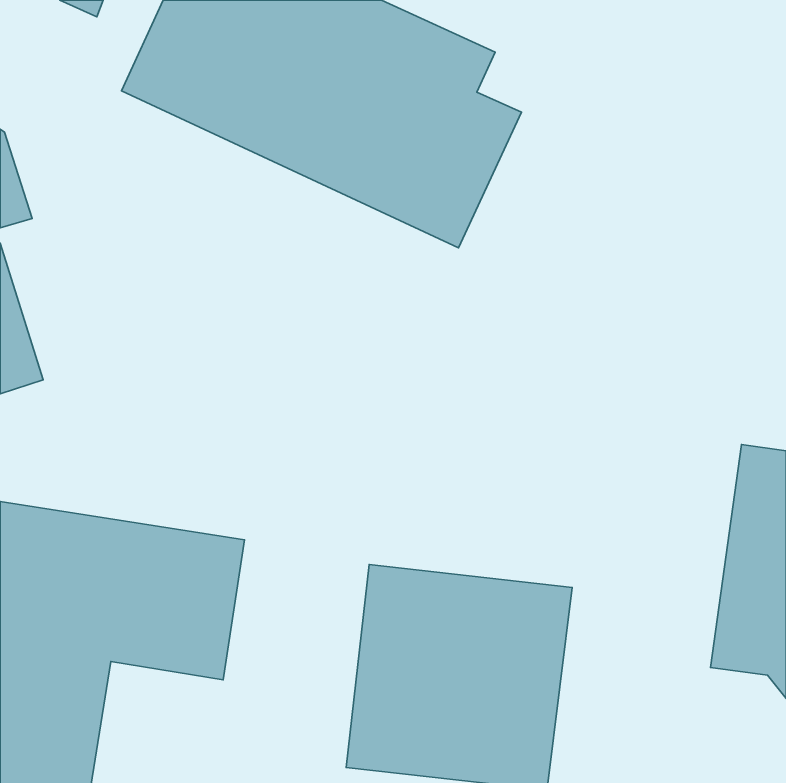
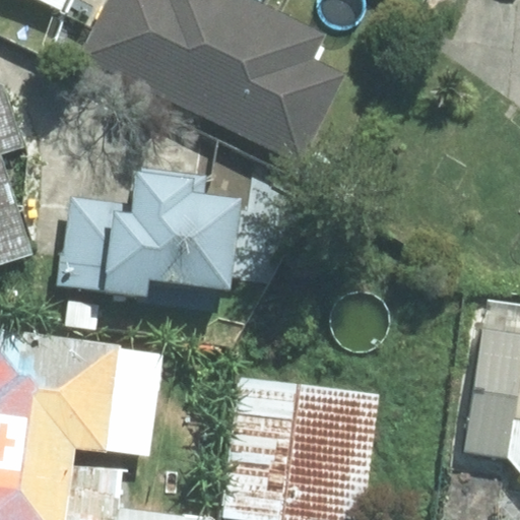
building: none -> [60,172,240,297]

